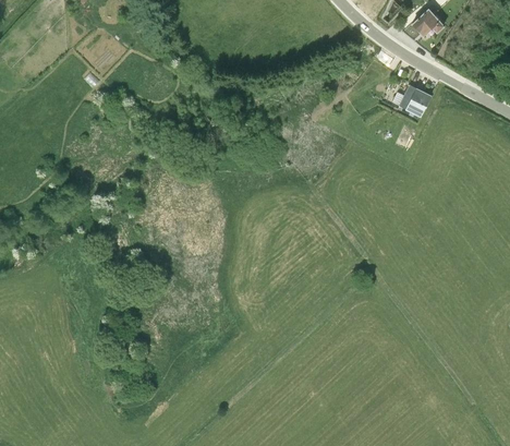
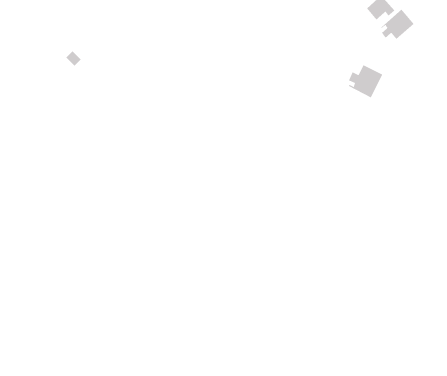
building: none -> [381,9,415,40]

